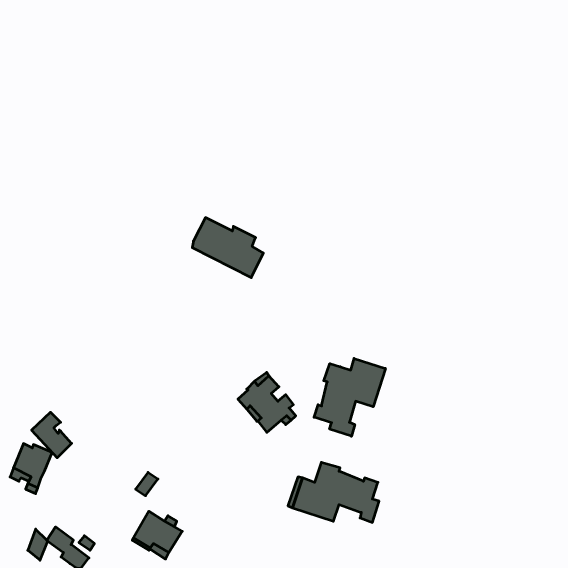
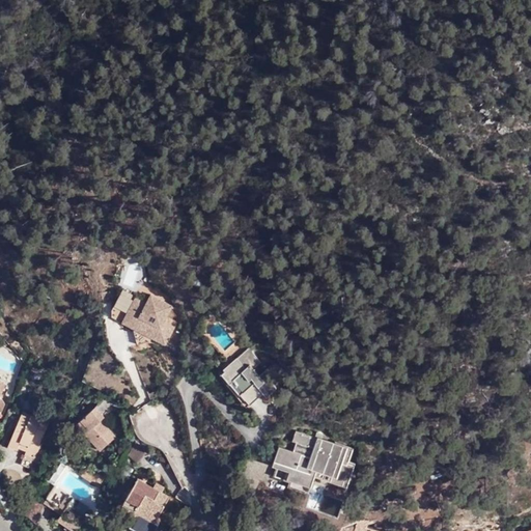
building: [192,218,263,278] -> [110,289,176,345]
building: [314,358,385,436] -> none
building: [32,412,72,458] -> [75,412,112,454]

